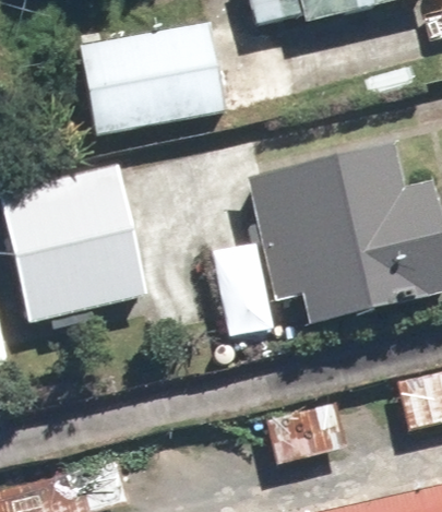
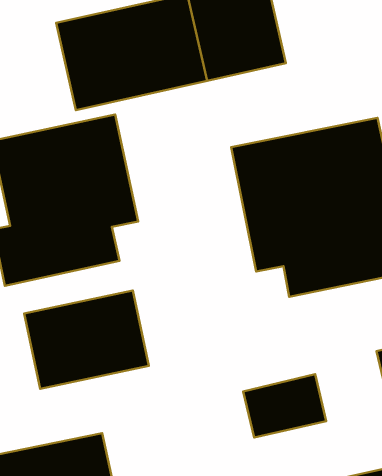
building: none -> [24,290,149,389]

